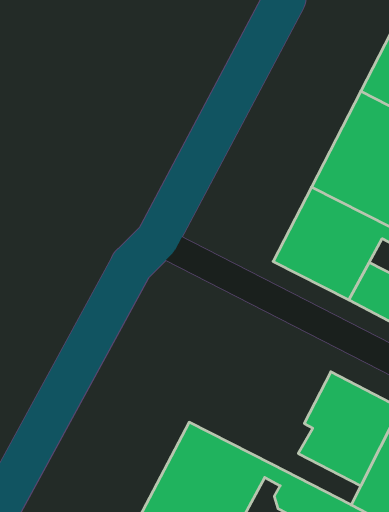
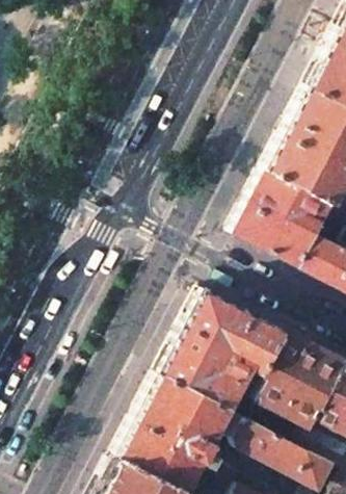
building: none -> [164,293,287,414]

